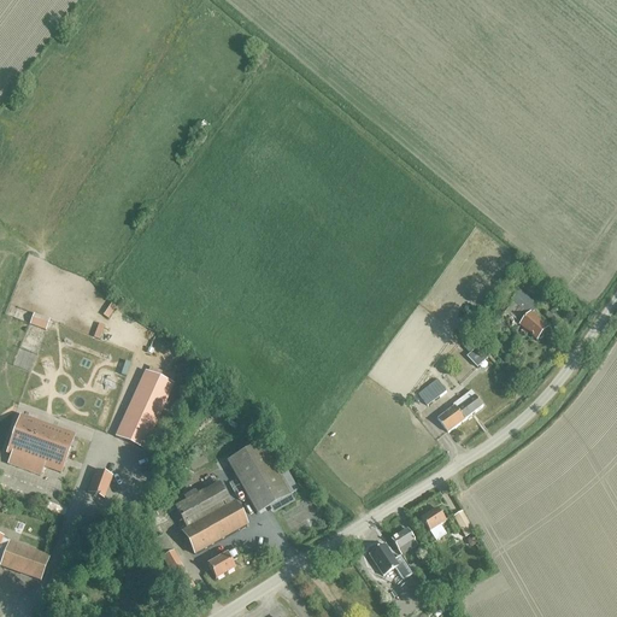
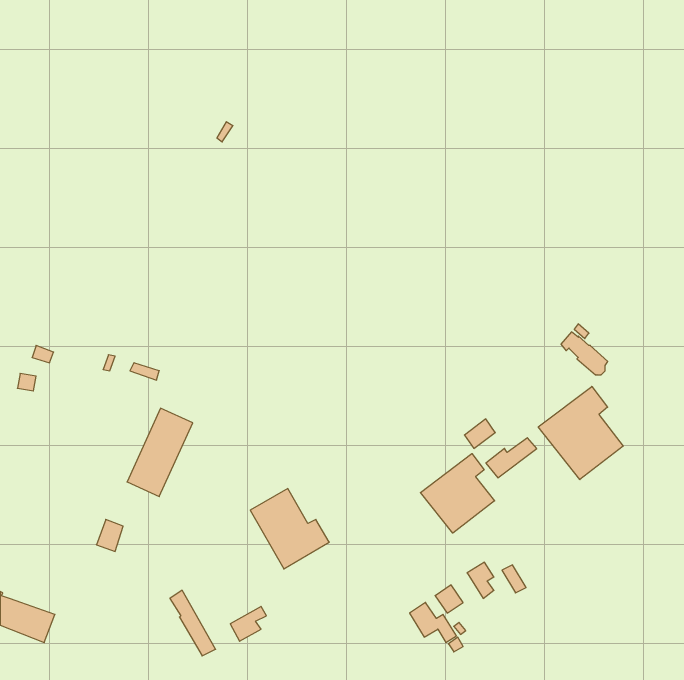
building: none -> [538,386,623,480]
building: none -> [420,454,495,533]
building: [6,412,74,472] -> none
building: [174,480,246,552] -> none

